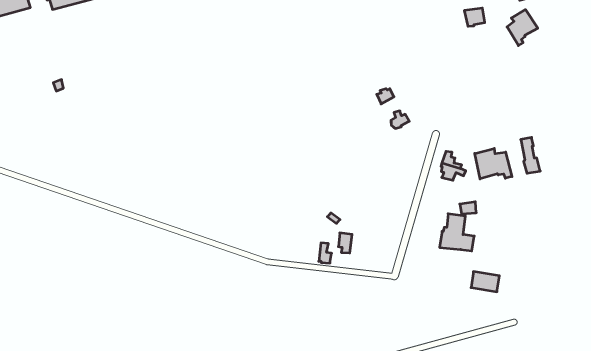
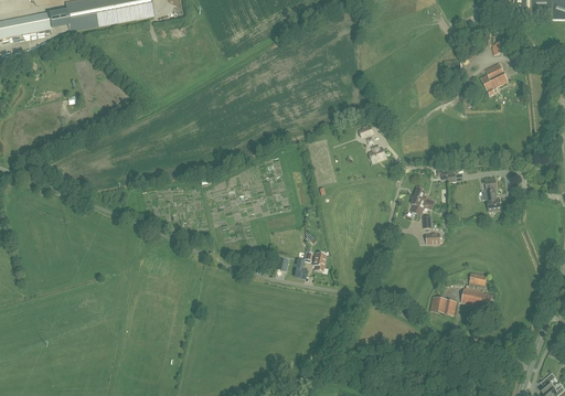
building: [475,148,512,179] -> none
building: [440,214,474,251] -> [461,272,493,308]

